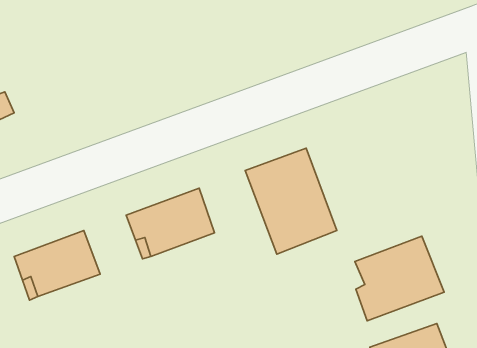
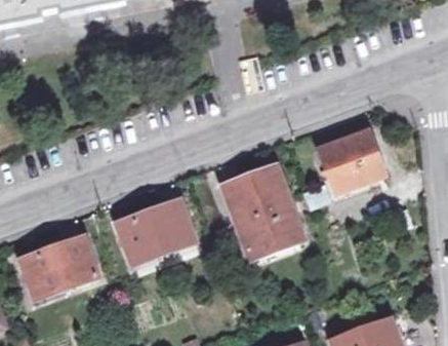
building: none -> [321,129,384,191]
building: [355,236,444,321] -> none

